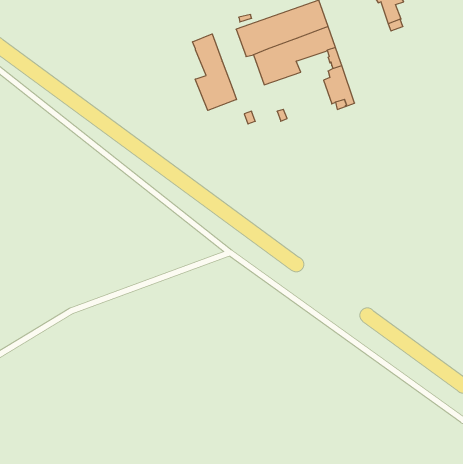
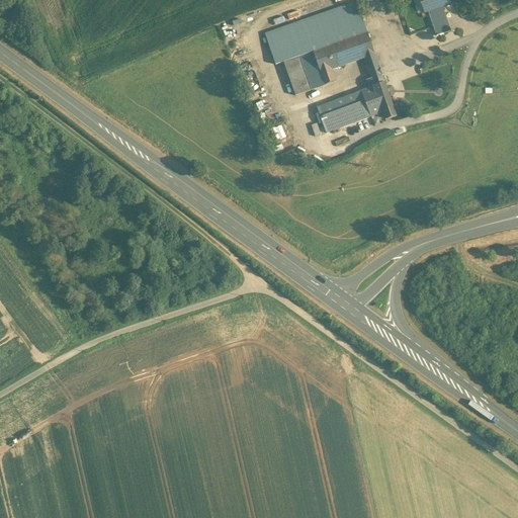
building: [193,34,236,110] -> none
building: none -> [315,89,368,132]

